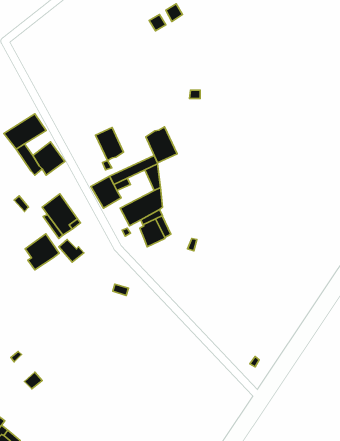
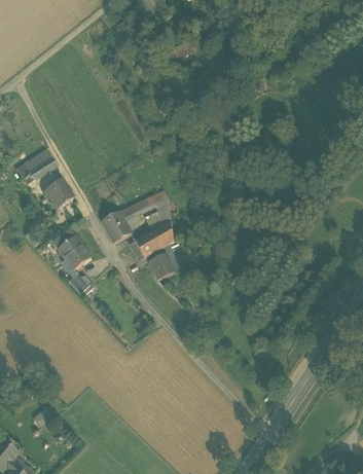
building: [146,127,177,163] -> none
building: [96,128,123,161] -> none
building: [25,234,59,270] -> none

